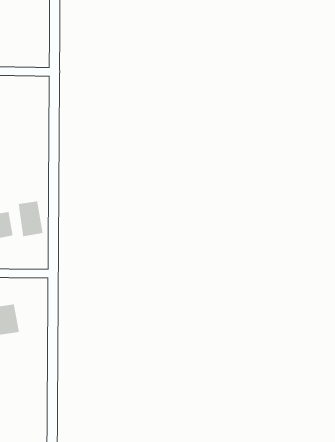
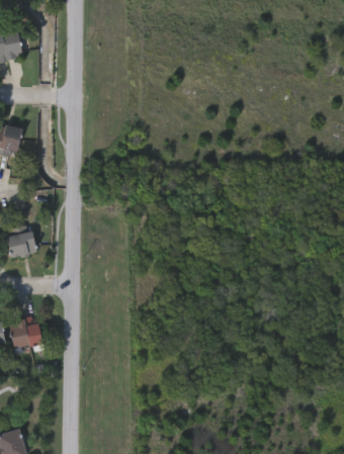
building: [18,201,43,237] -> none

